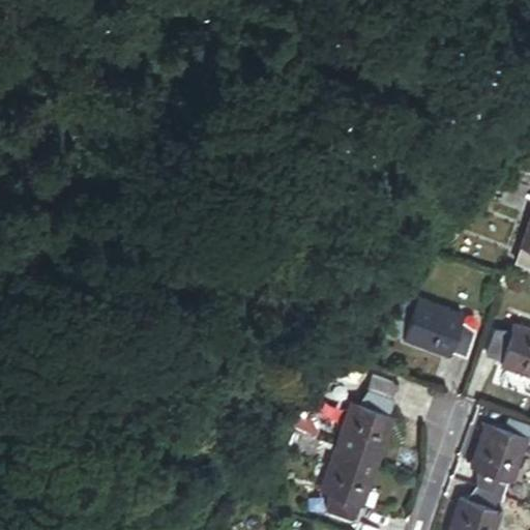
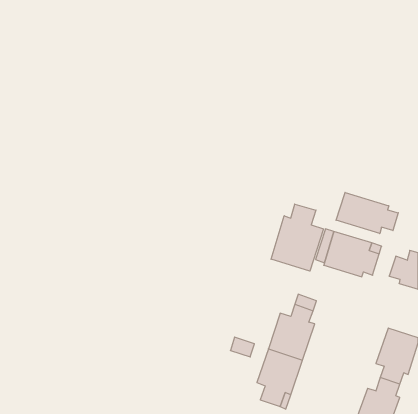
building: none -> [336,192,398,234]
building: none -> [271,204,323,271]

